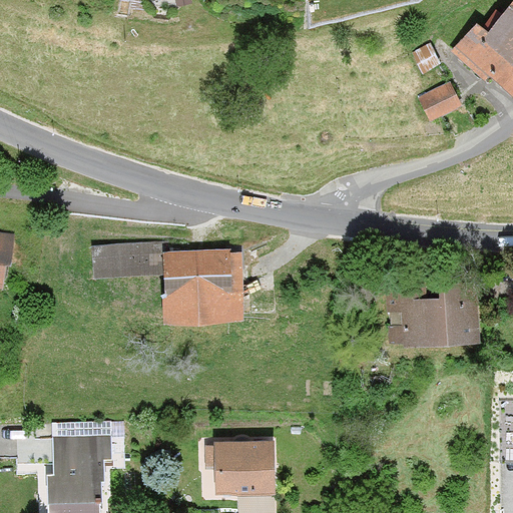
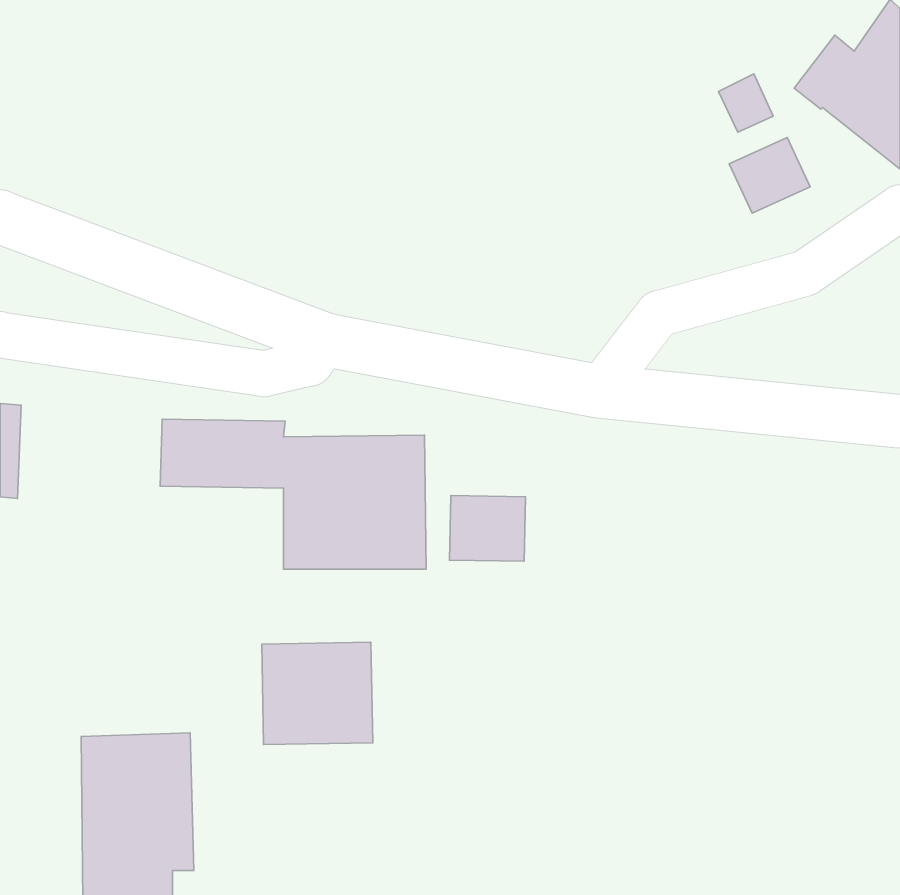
building: [388,284,479,349] -> none
building: none -> [449,496,526,561]
building: [211,437,275,495] -> [262,642,373,744]

